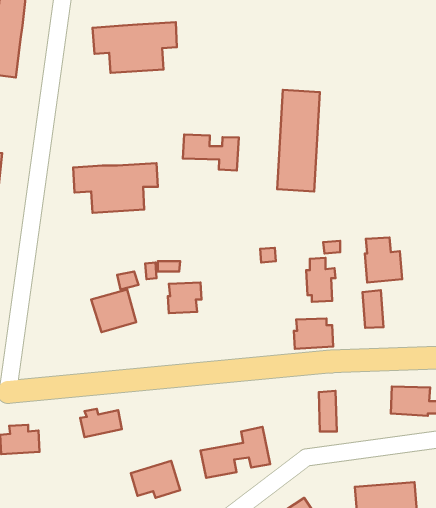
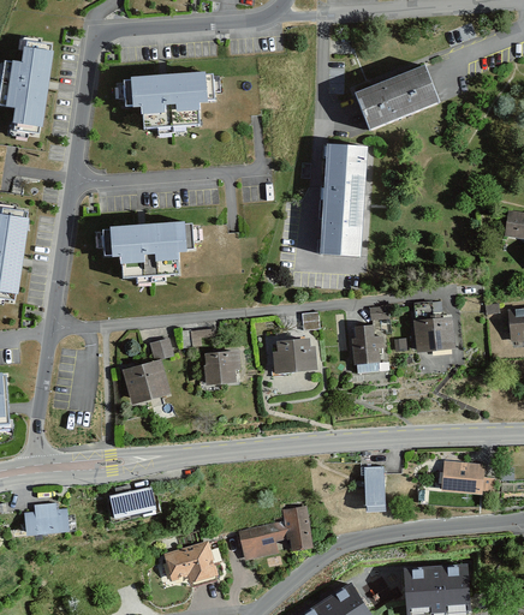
building: none -> [353,66,437,130]
building: [183,135,239,171] -> none
building: [362,290,384,328] -> none
building: [294,318,333,349] -> [273,339,315,371]

